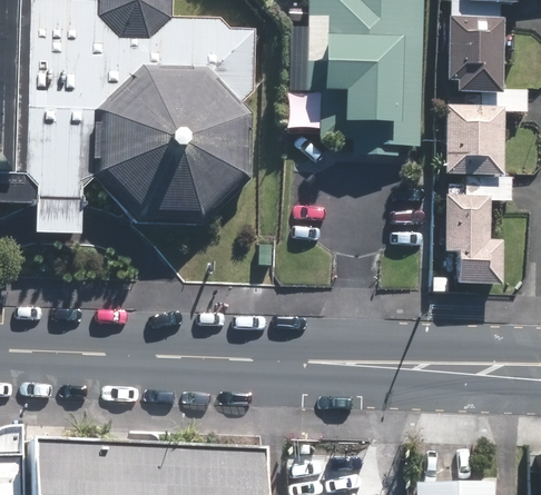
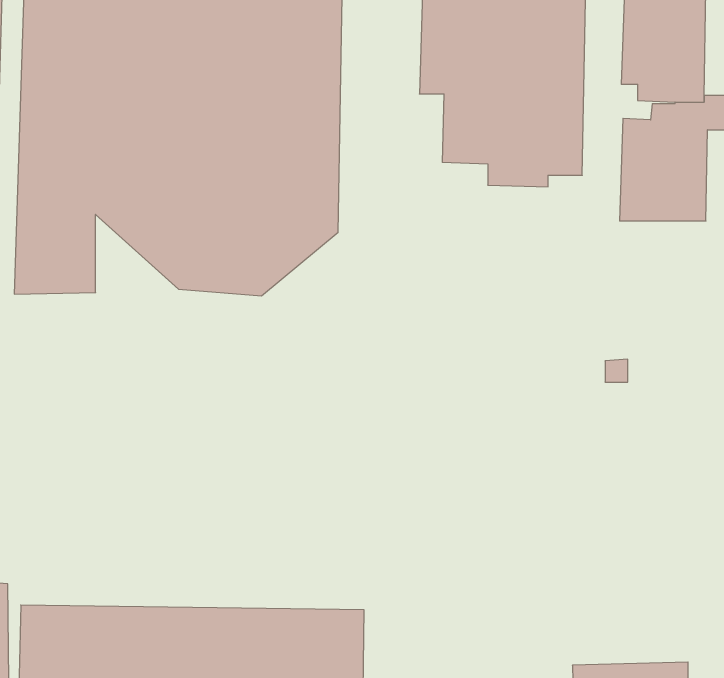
building: [444,178,511,286] -> none

